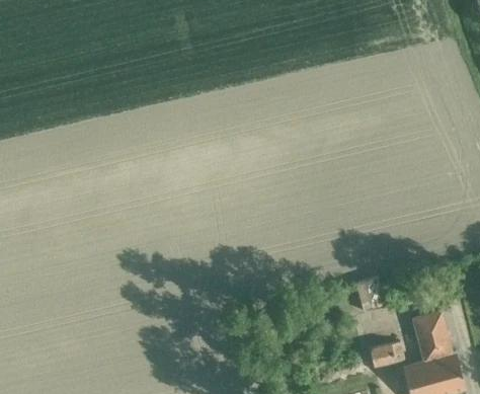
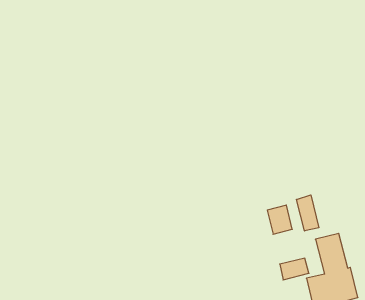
building: none -> [296,195,319,231]

